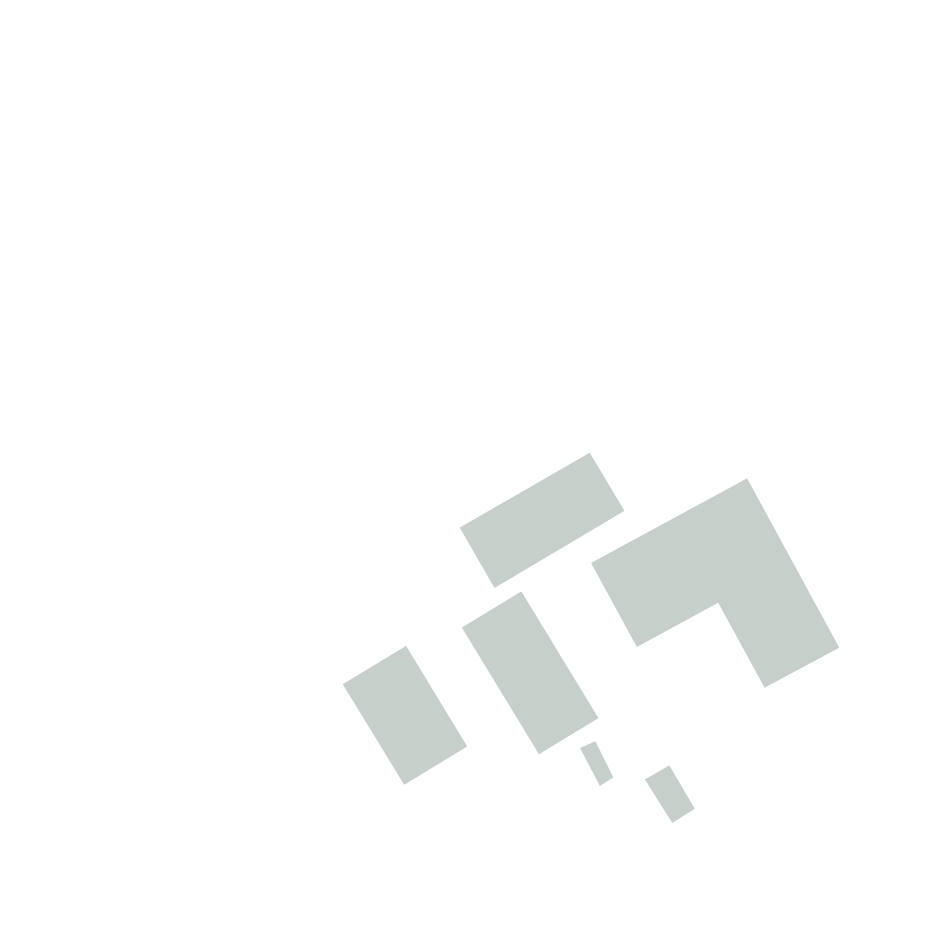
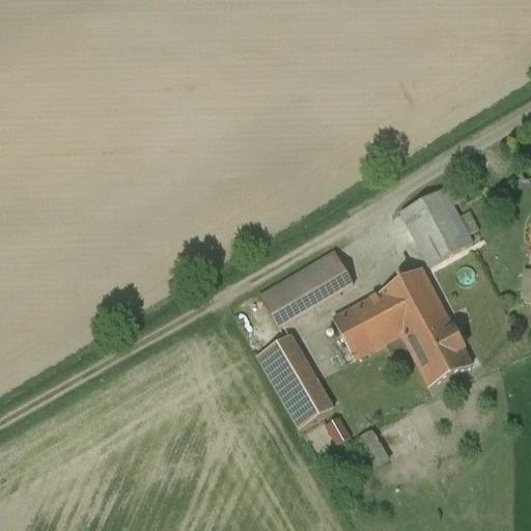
building: none -> [397,185,472,263]
building: [342,645,468,786] -> none

